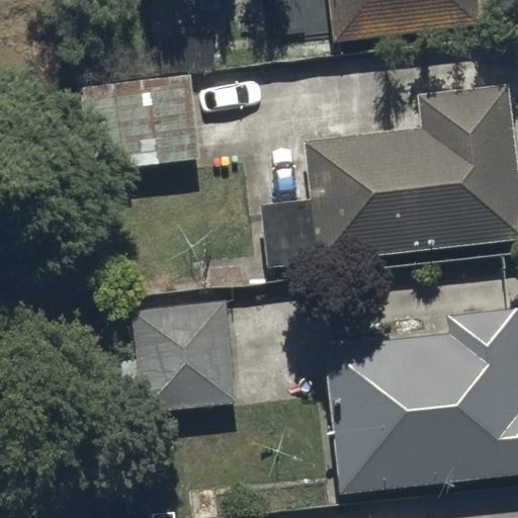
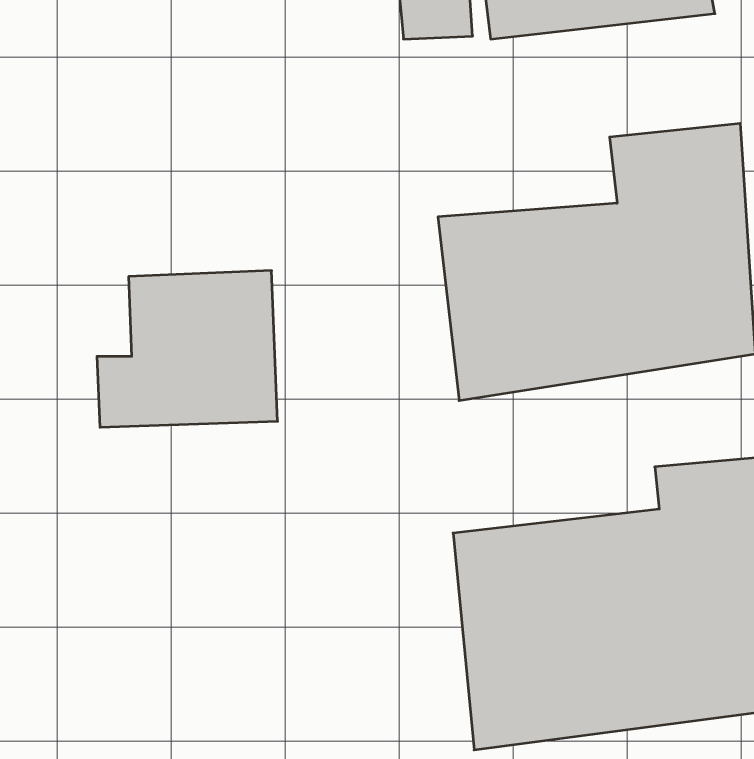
building: [87,64,203,172] -> none
building: [120,291,242,397] -> [97,271,278,427]

